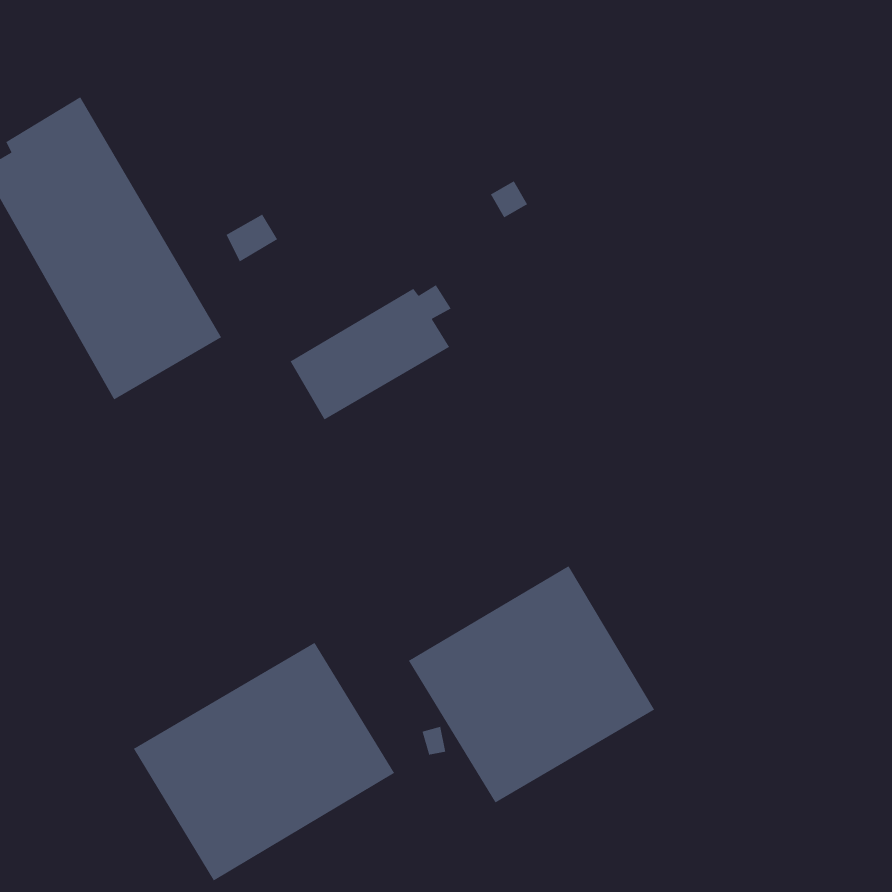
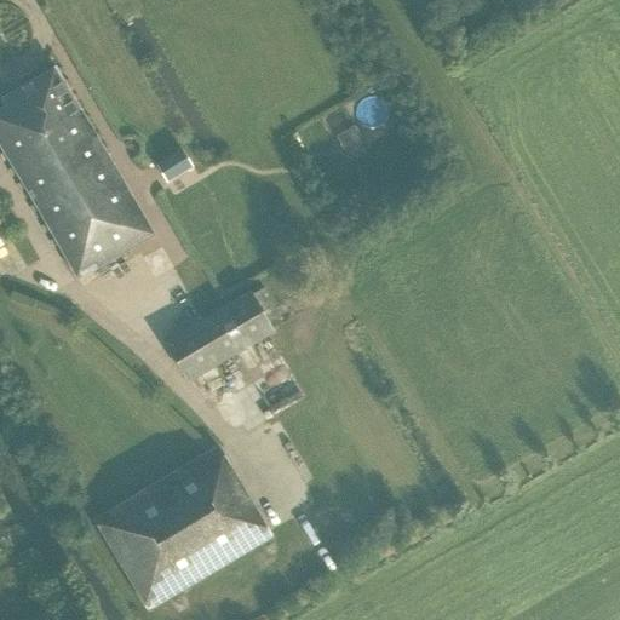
building: [289,284,452,421] -> [163,287,276,381]
building: [408,565,655,803] -> none

